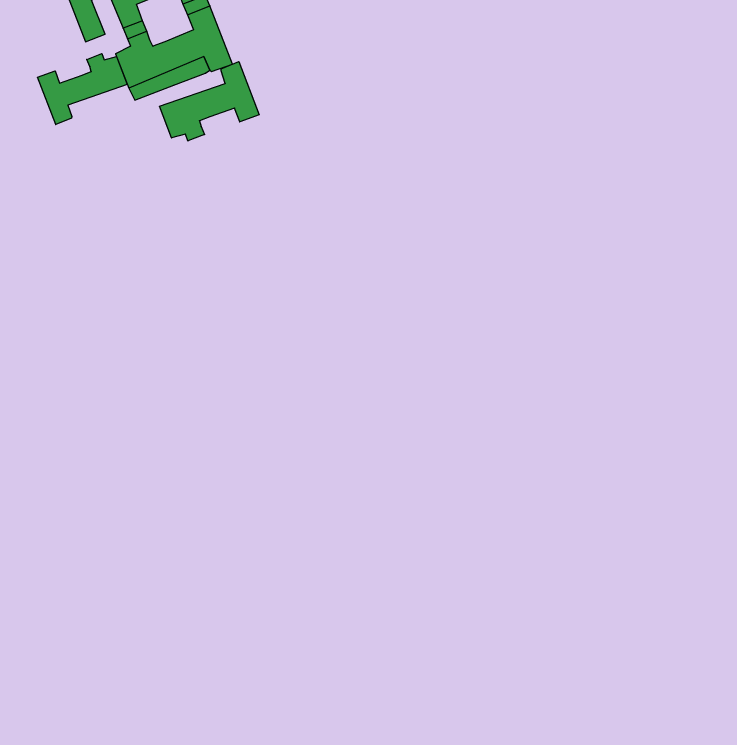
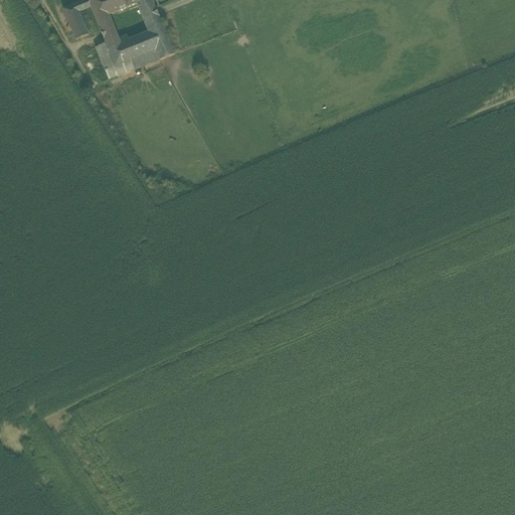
building: [38,54,127,125] -> none
building: [160,62,259,141] -> none

